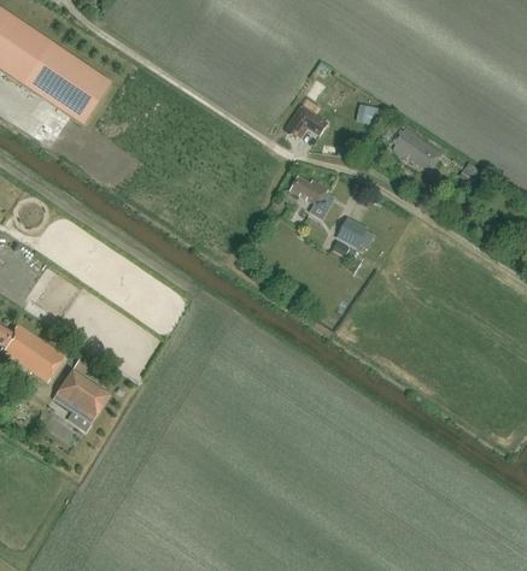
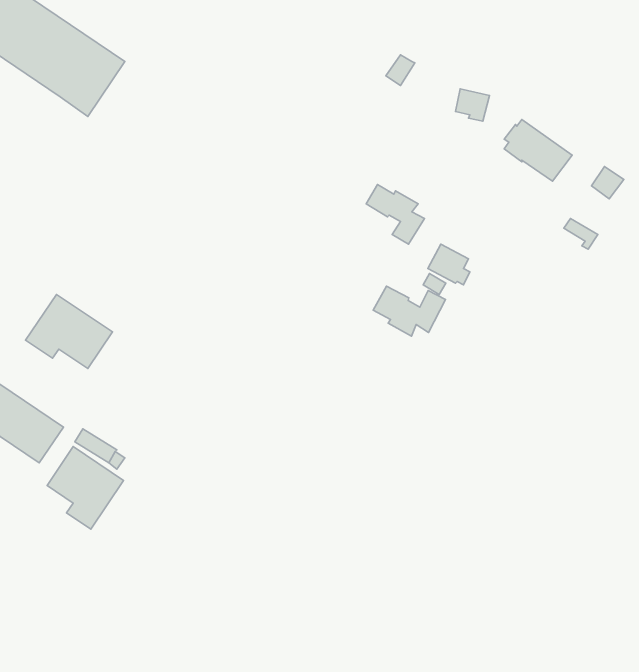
building: [286,104,328,137] -> none
building: none -> [373,286,445,336]
building: none -> [26,294,113,368]

